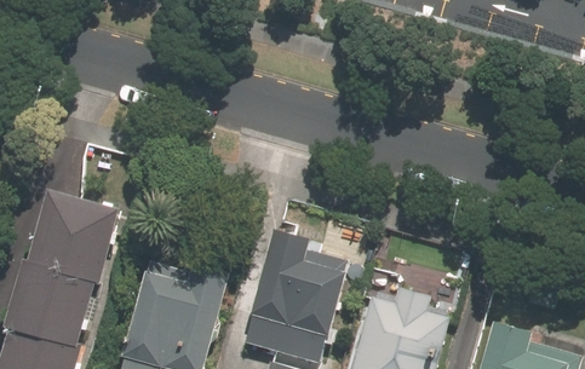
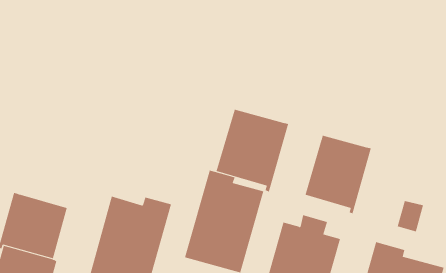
building: none -> [216,109,289,192]
building: none -> [305,135,372,214]
building: [29,189,117,284] -> none

